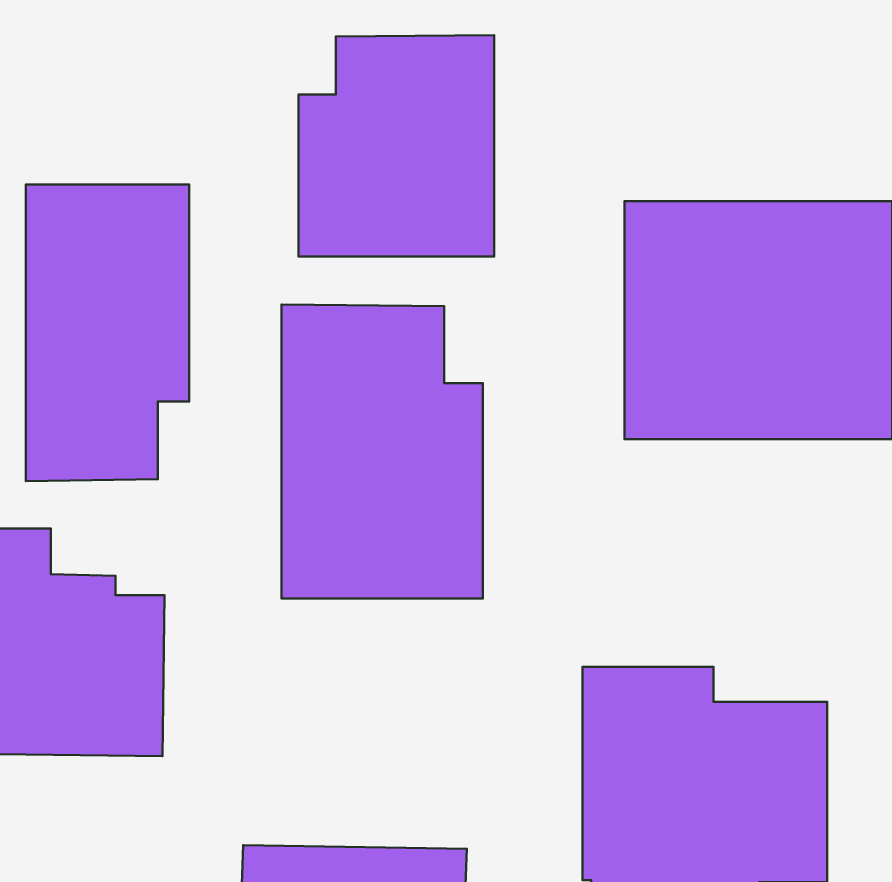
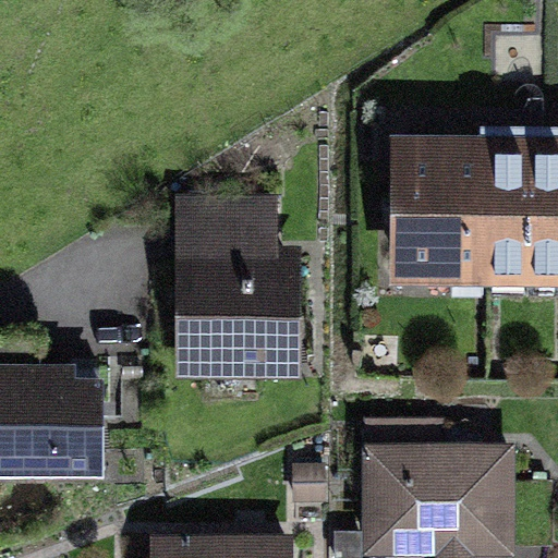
building: [298,35,494,257] -> none
building: [26,185,189,481] -> none

